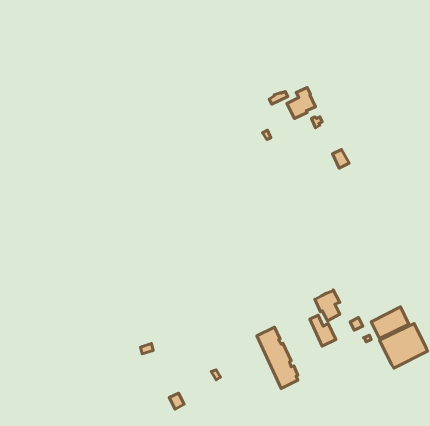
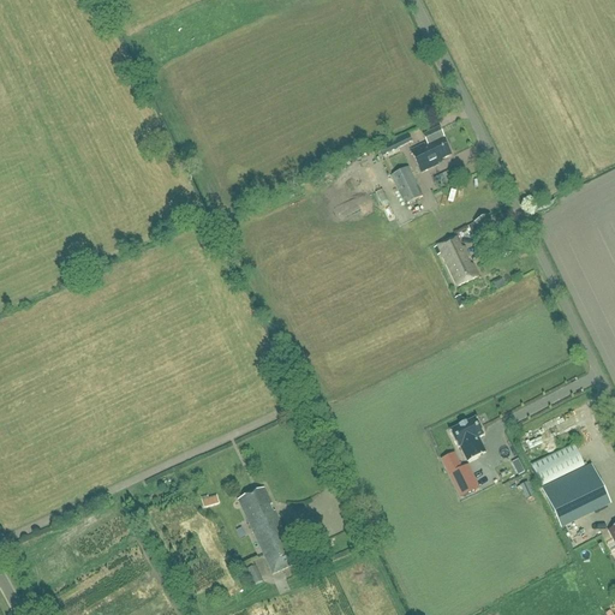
building: none -> [389,165,423,203]
building: none -> [436,234,478,283]
building: [257,327,298,389] -> [238,484,297,572]

